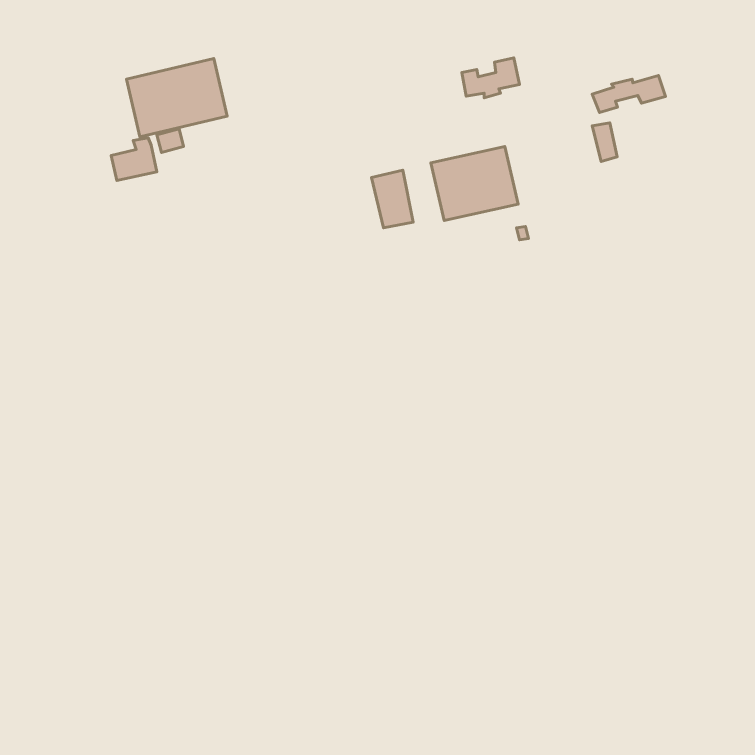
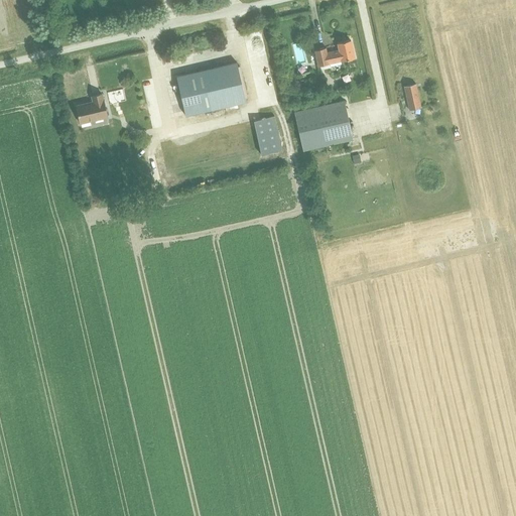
building: [127,58,227,137] -> [177,62,246,116]
building: [592,75,665,112] -> none

